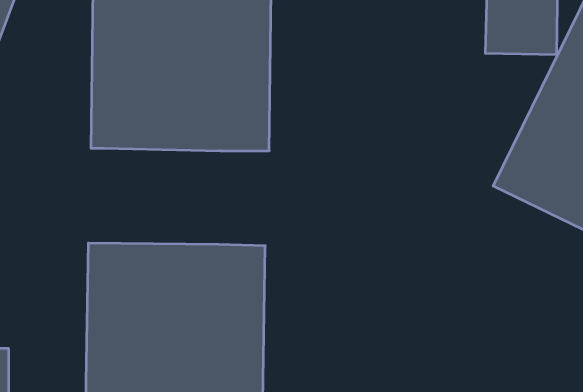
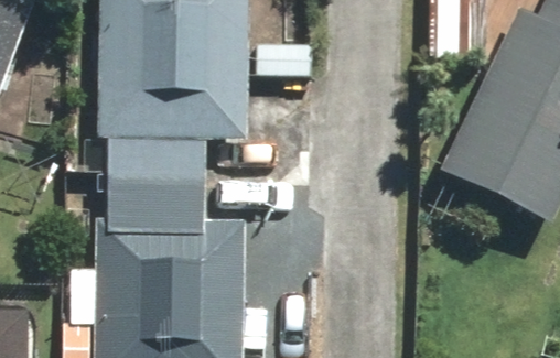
building: none -> [107,138,207,219]

